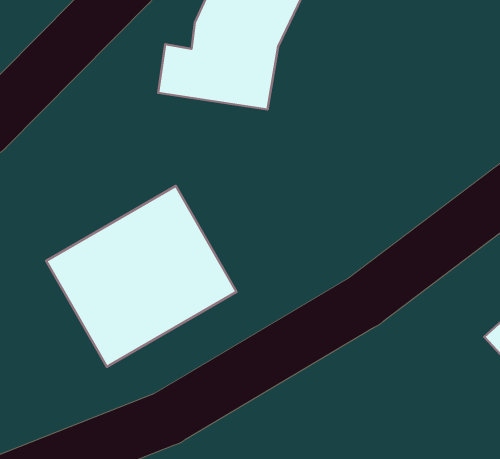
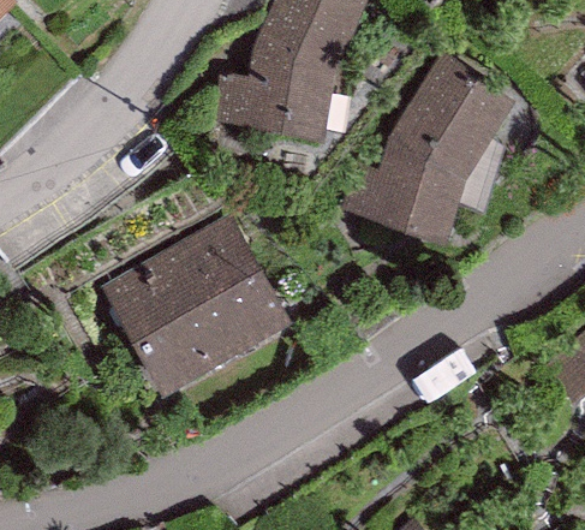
building: none -> [340,49,517,244]

